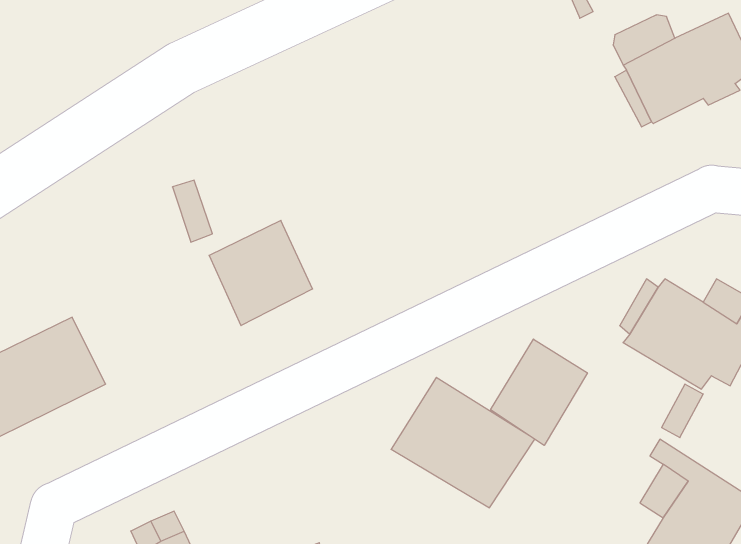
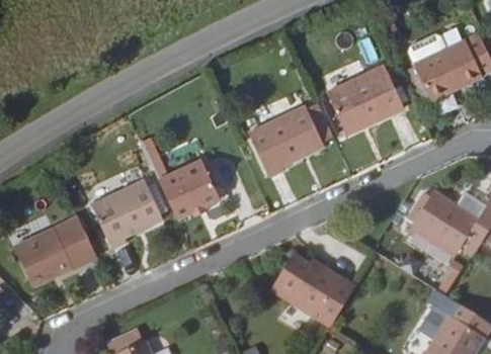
building: none -> [325,65,403,136]
building: none -> [248,100,332,176]
building: none -> [94,176,165,247]
building: [491,339,587,445] -> none

